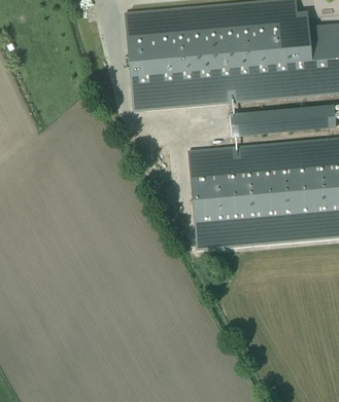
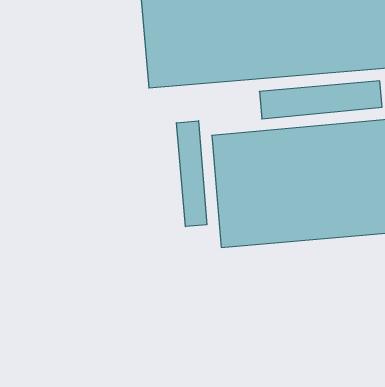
building: none -> [176,121,207,227]

